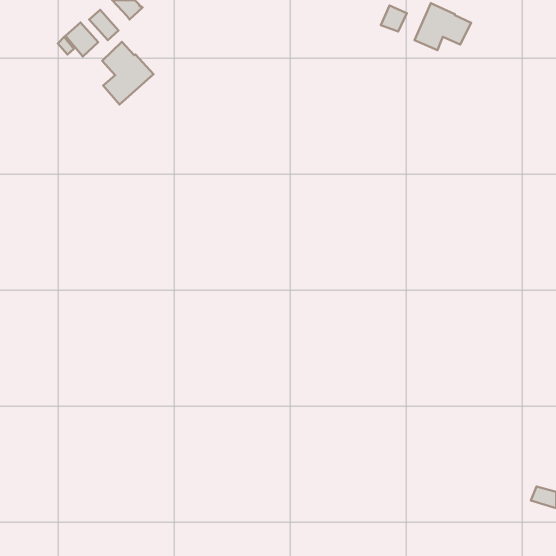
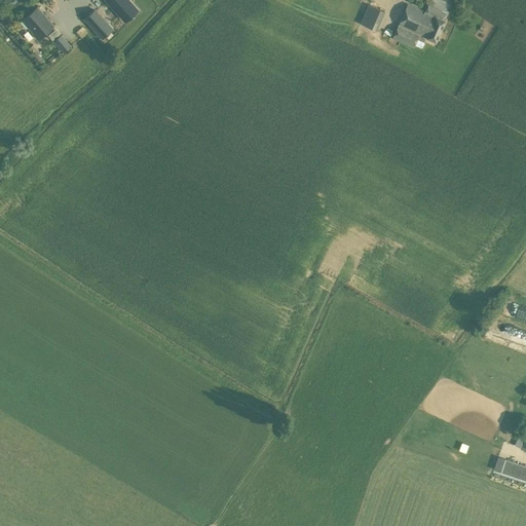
building: [65,23,98,56] -> [23,7,53,39]
building: [102,42,153,105] -> none

